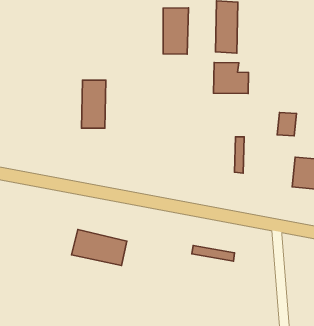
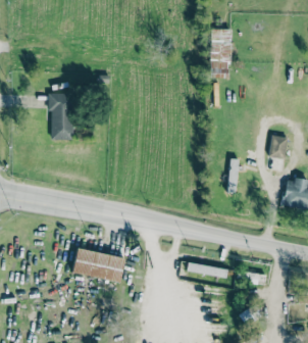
building: [163,8,188,54] -> none
building: [213,62,249,94] -> none
building: [81,80,106,128] -> [50,94,73,140]

